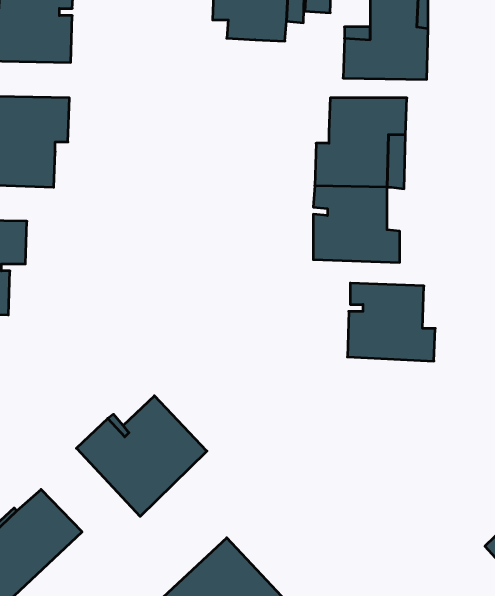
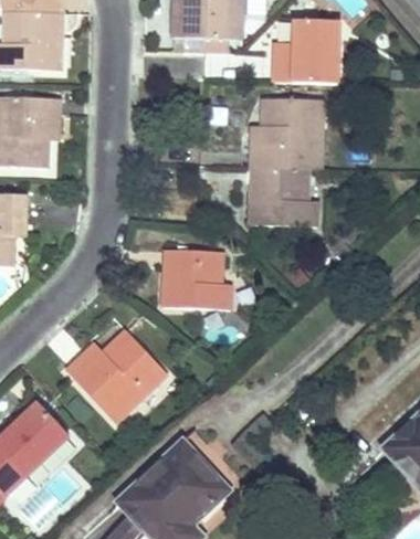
building: [347,283,435,361] -> [162,249,231,309]

